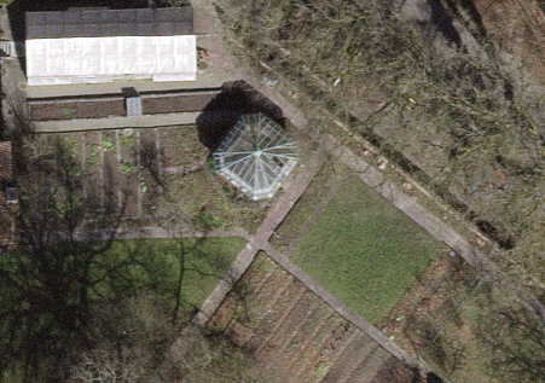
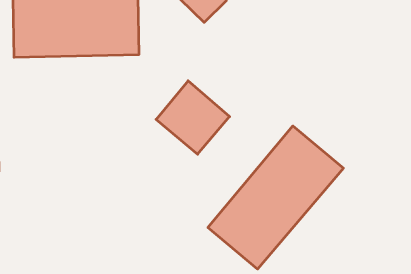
building: none -> [208,126,343,269]

